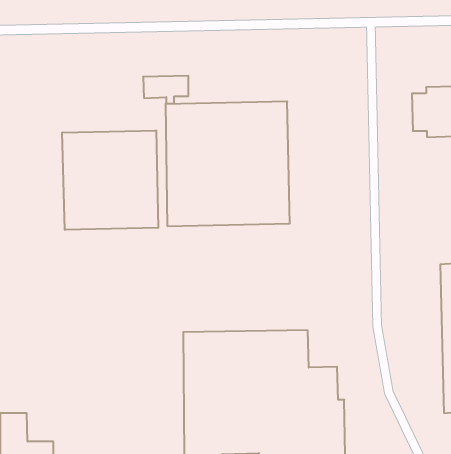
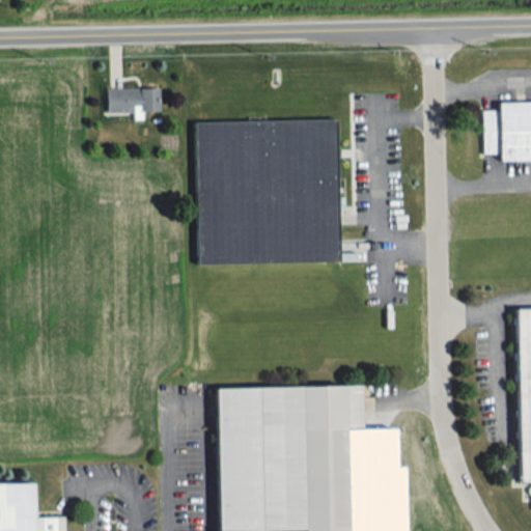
building: [143,76,188,103] -> [109,87,162,119]
building: [62,130,158,230] -> none

